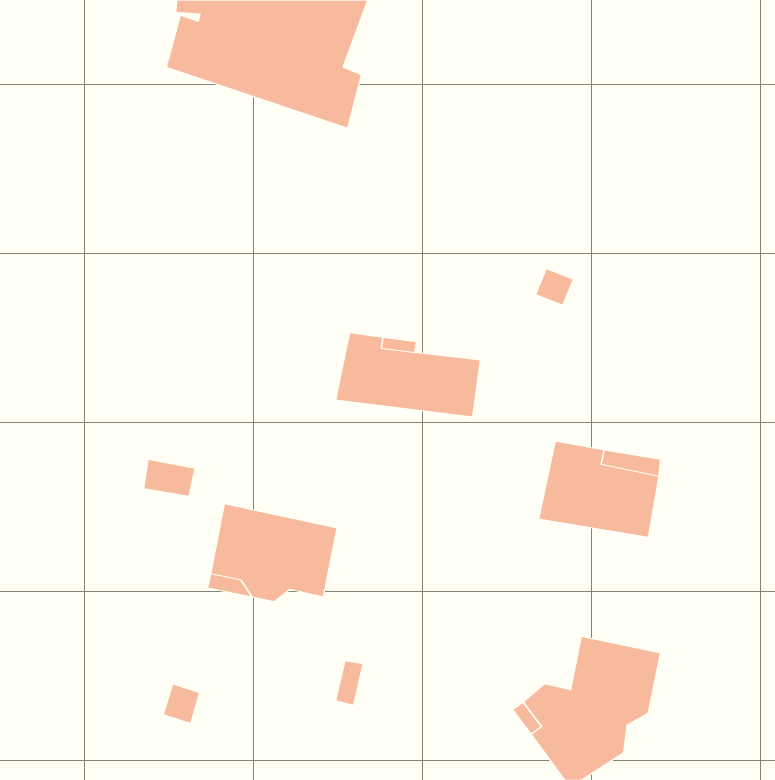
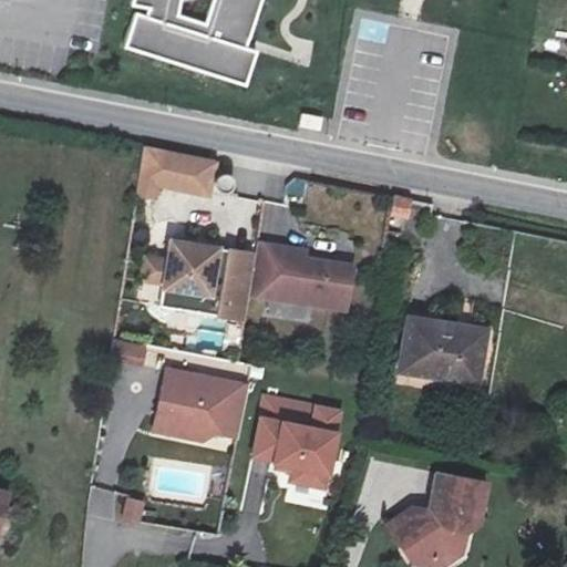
building: none -> [141,151,219,197]
building: none -> [162,241,255,313]
building: none -> [256,393,350,486]

